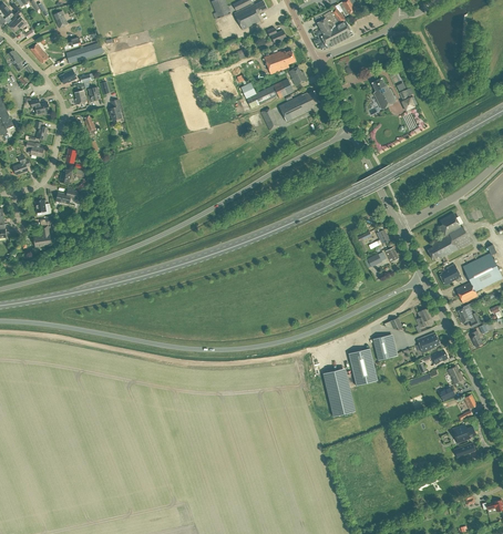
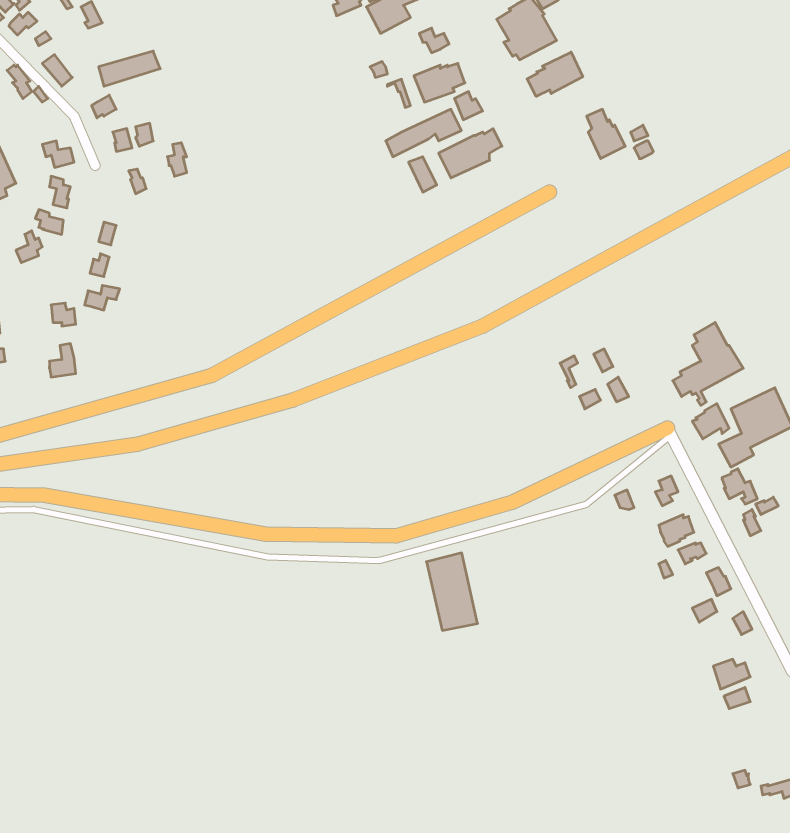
building: none -> [527,52,583,96]
building: [372,333,397,359] -> none
building: [347,347,377,384] -> none
building: [324,368,356,417] -> [426,553,478,630]

